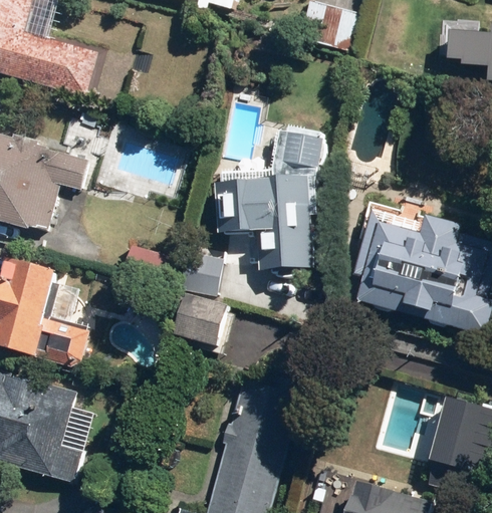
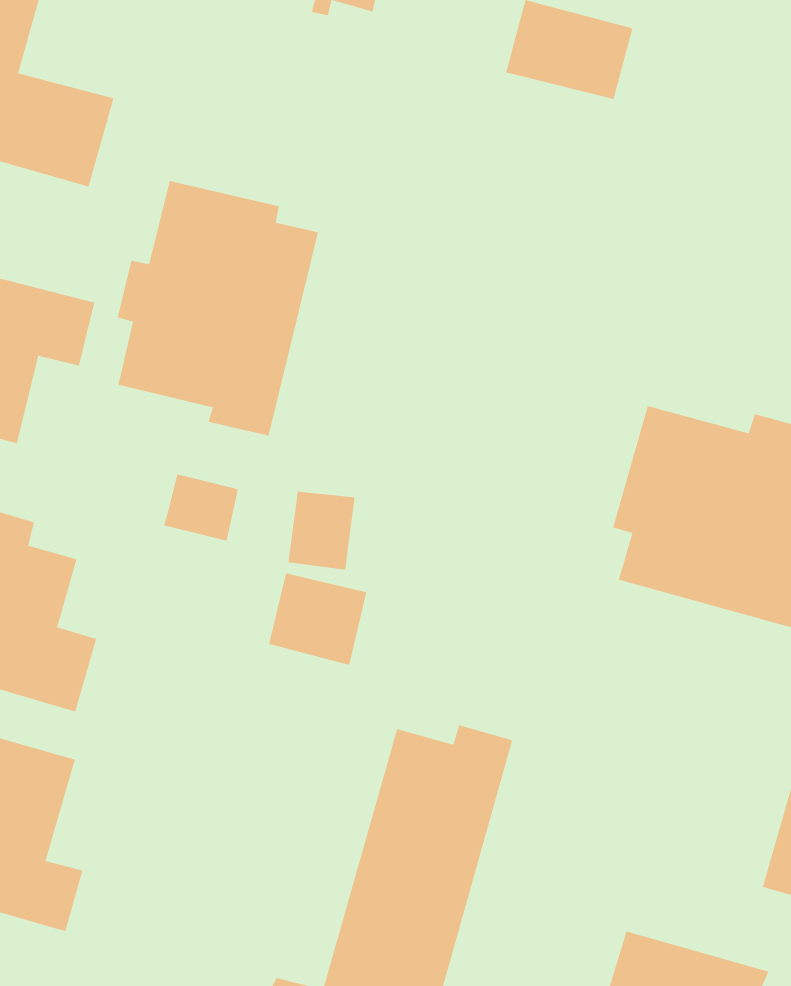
building: none -> [117,180,319,436]
building: [214,126,323,269] -> none

